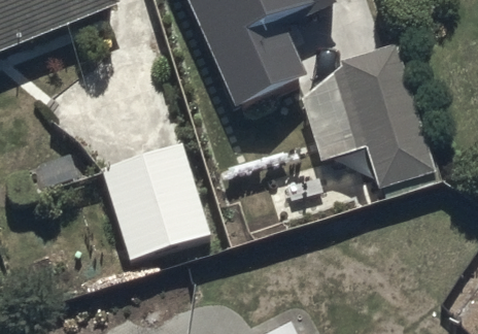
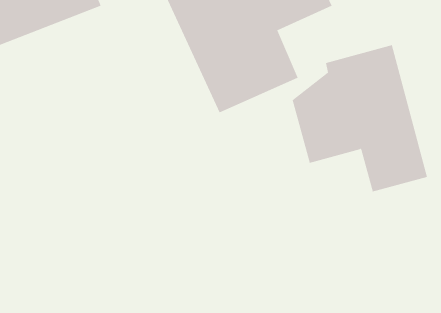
building: [98,143,210,258] -> none

